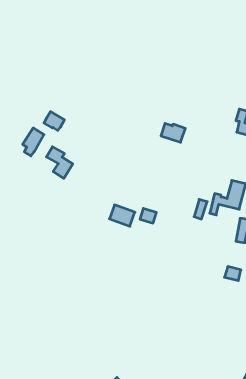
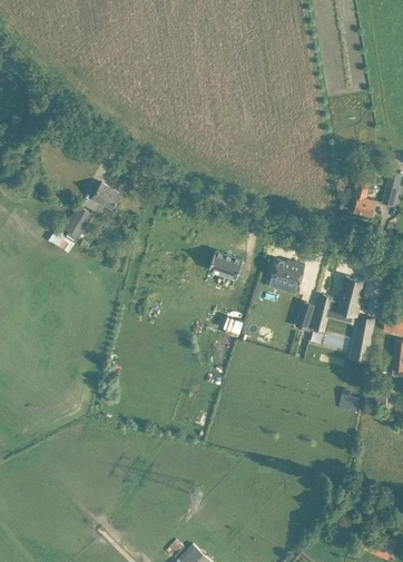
building: [161,123,185,142] -> [275,260,308,286]
building: [46,147,73,178] -> none
building: [109,205,135,226] -> [208,250,243,279]

